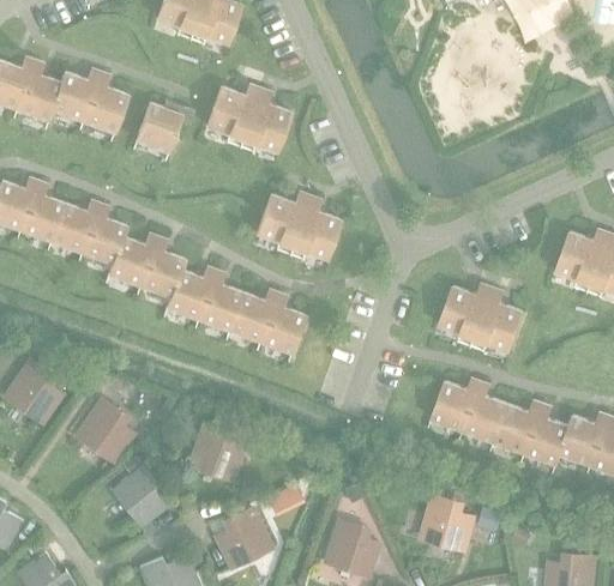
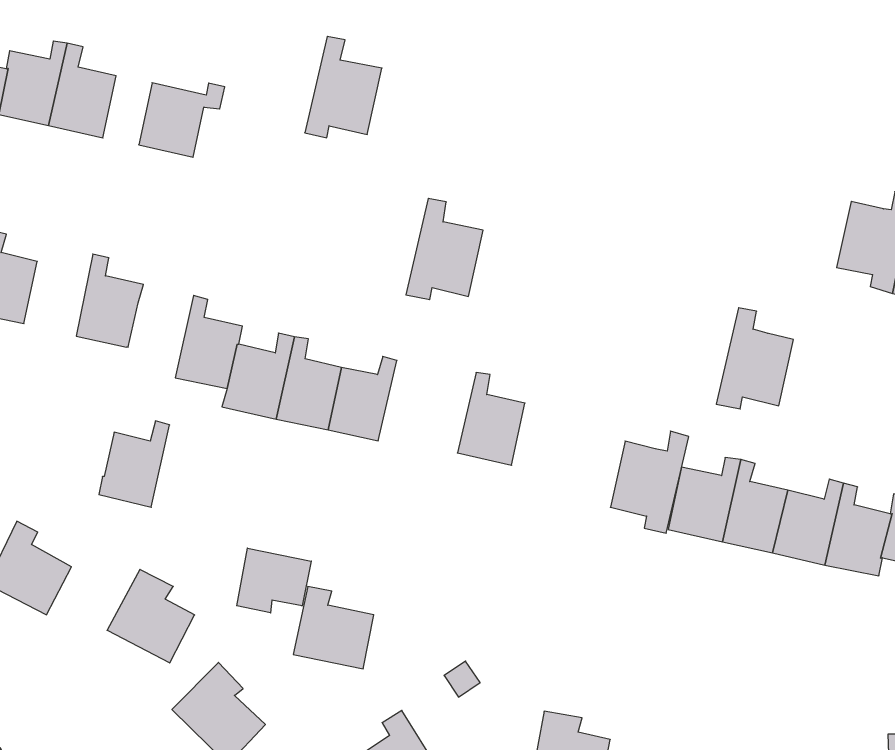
building: [206,85,260,146] -> none
building: [255,193,309,254] -> none
building: [50,200,98,253] -> none
building: [108,234,157,286] -> [99,421,170,507]
building: [438,284,492,346] -> [610,431,689,533]
building: [259,294,305,354] -> [457,373,525,465]
building: none -> [237,548,311,613]
building: [421,497,472,551] -> none

